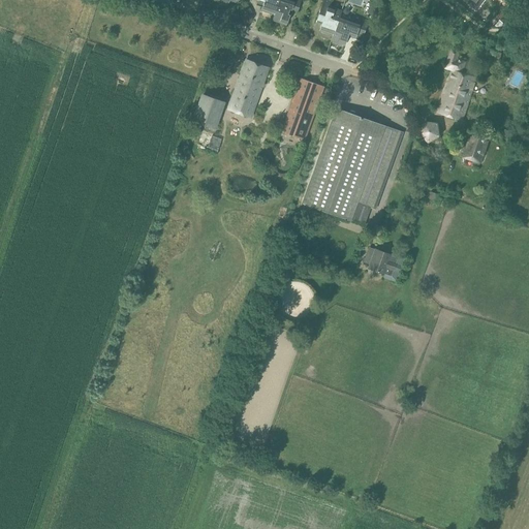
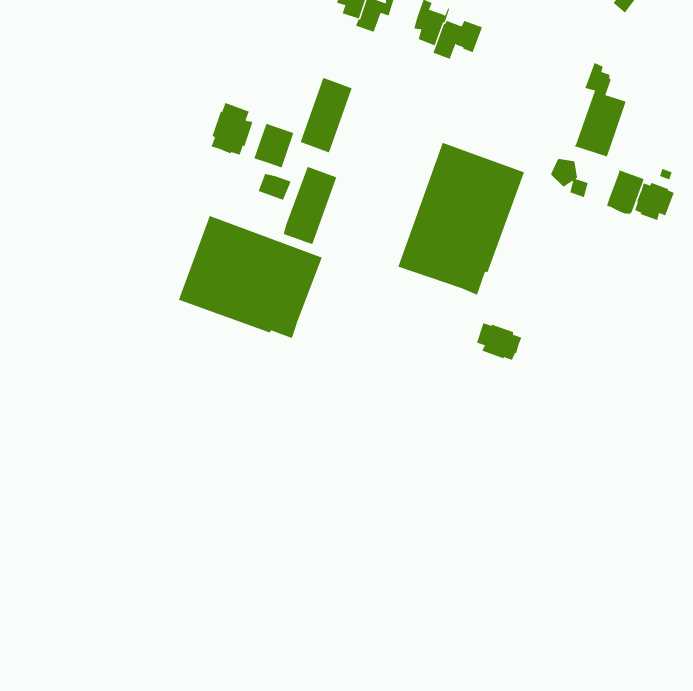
building: none -> [211,102,253,155]
building: [282,79,323,138] -> [283,166,337,245]
building: none -> [634,182,675,221]
building: none -> [178,215,323,339]

